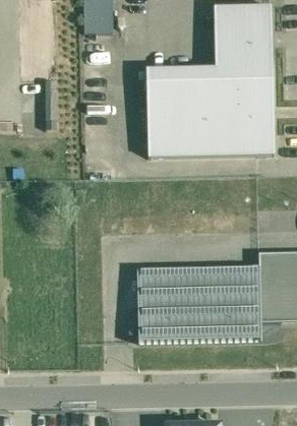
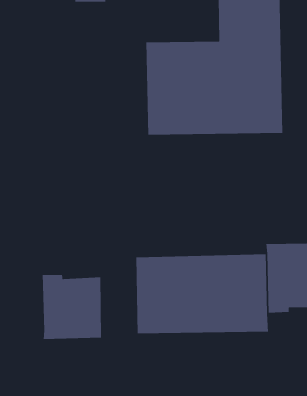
building: none -> [42,274,102,340]

